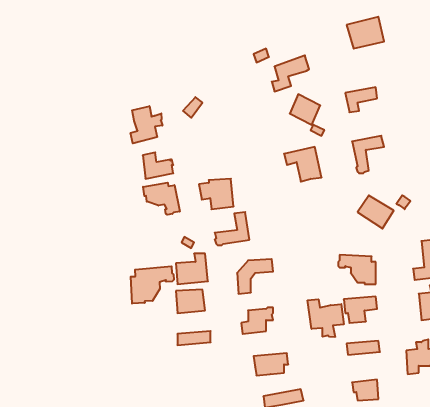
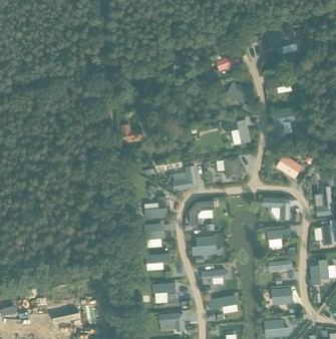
building: [131,106,162,143] -> none
building: [199,179,234,209] -> [217,156,242,179]
building: [143,183,180,215] -> none
building: [131,266,174,304] -> none
building: [308,299,344,337] -> none
building: none -> [152,283,177,303]

